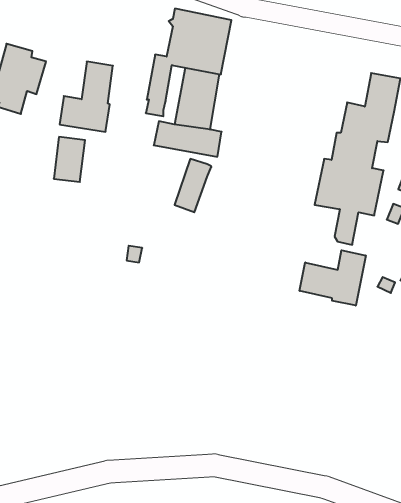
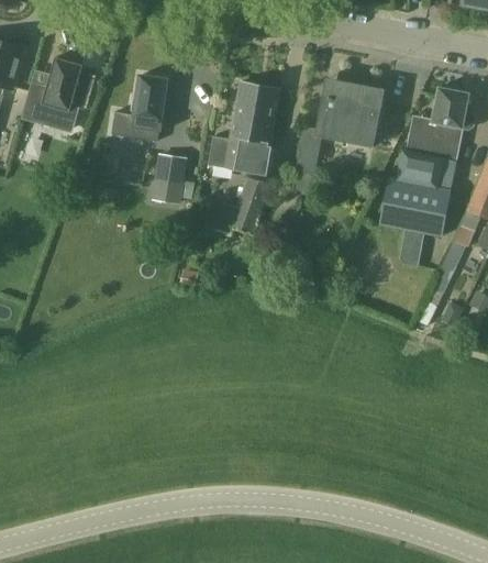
building: [146,9,231,116] -> [295,77,385,190]
building: [54,137,85,182] -> [153,156,186,203]
building: [300,250,366,306] -> none

